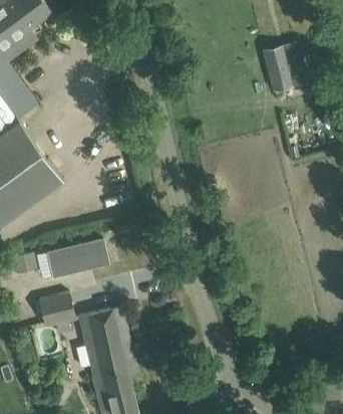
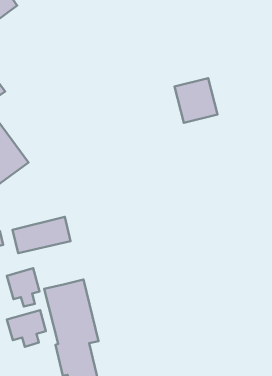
building: [263,43,309,91] -> [174,78,217,123]
building: none -> [7,310,46,347]

